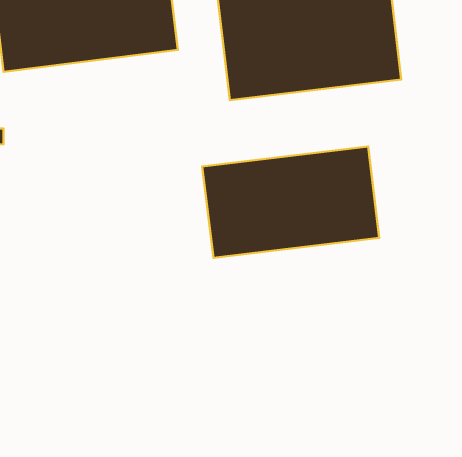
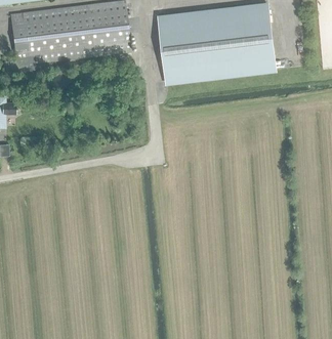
building: [202,147,379,258] -> none

